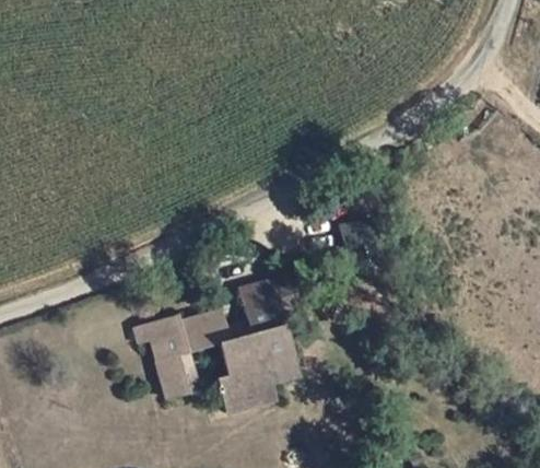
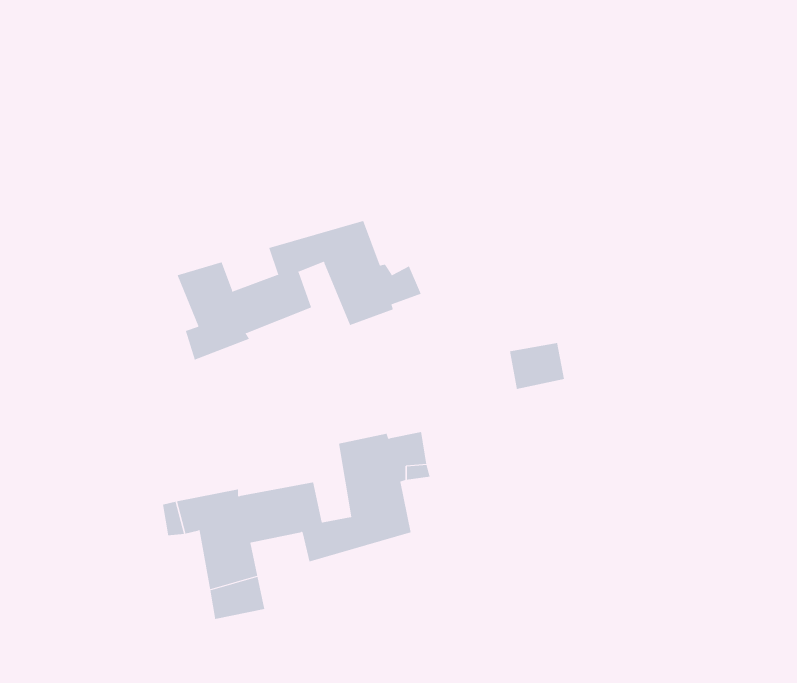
building: none -> [177,220,422,361]
building: [221,343,292,410] -> none

